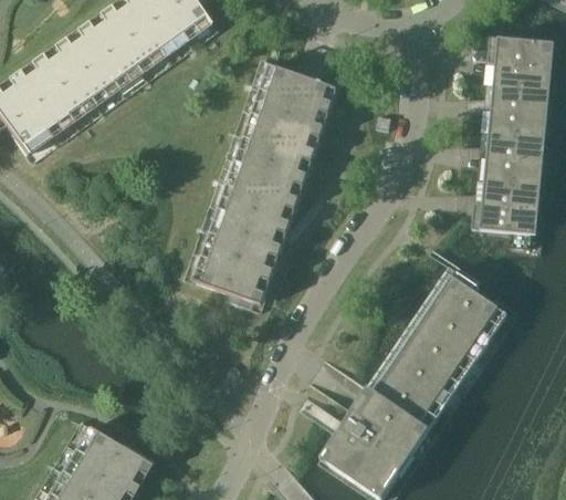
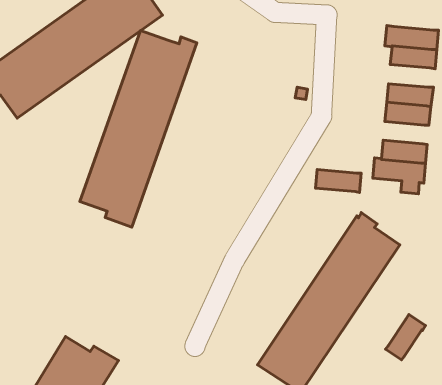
building: [192,66,339,313] -> [80,31,197,227]
building: [492,87,551,116] -> none
building: [485,159,543,188] -> [316,170,361,192]
building: none -> [386,314,425,360]

